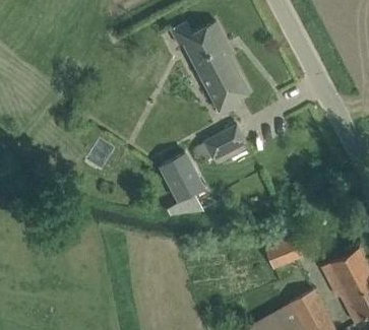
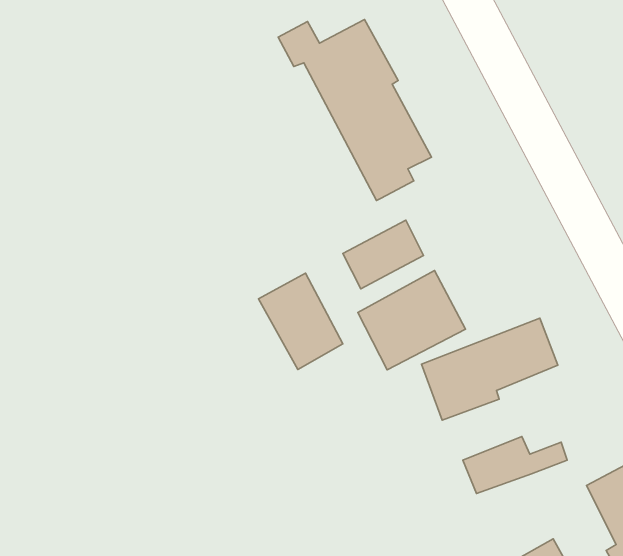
building: none -> [358,270,466,370]
building: none -> [422,318,558,420]

